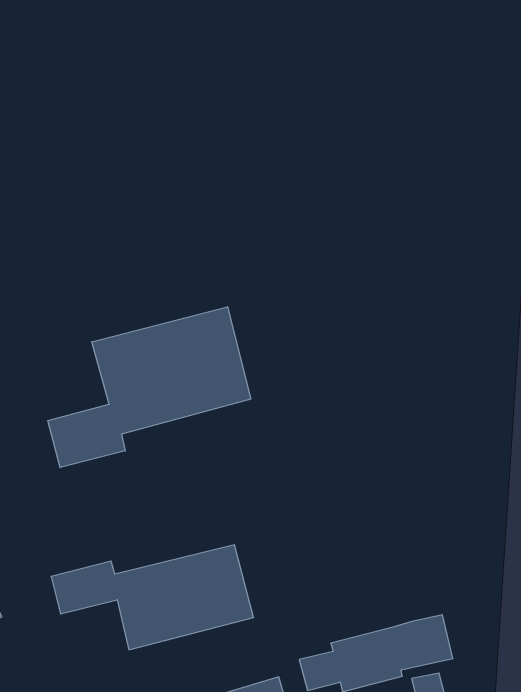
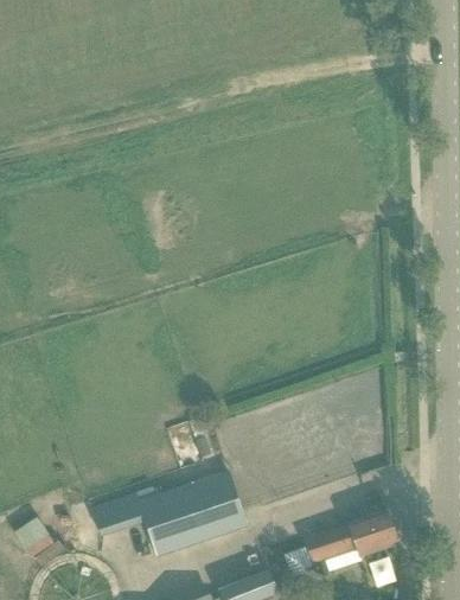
building: [48,307,251,468] -> none

